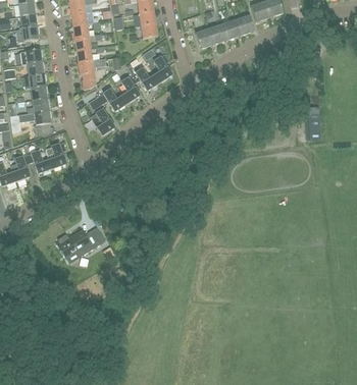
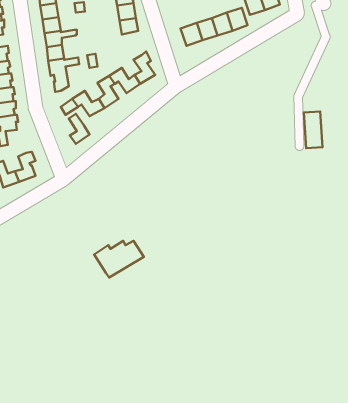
building: [56,229,100,262] -> [94,241,144,277]

